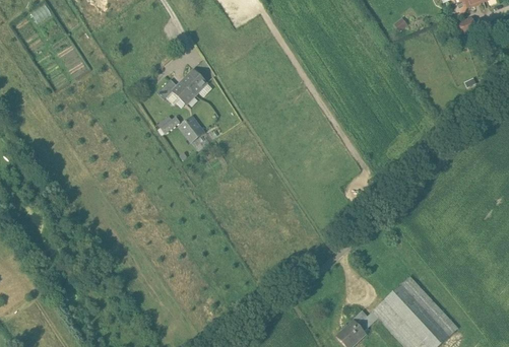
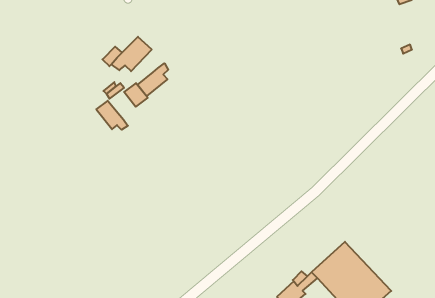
building: none -> [138,63,168,96]
building: none -> [96,101,128,130]

